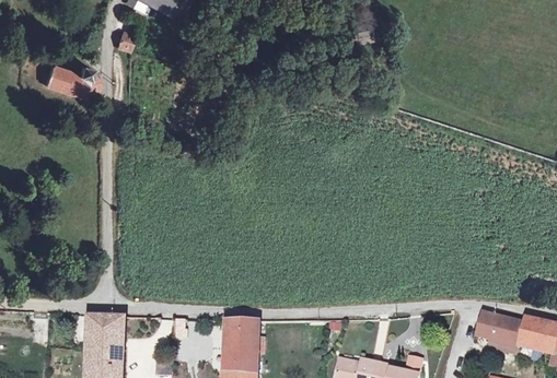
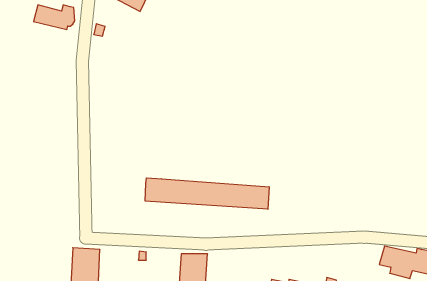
building: [43,67,94,97] -> [34,5,75,30]
building: none -> [145,178,269,209]

